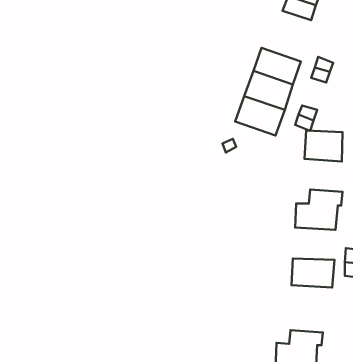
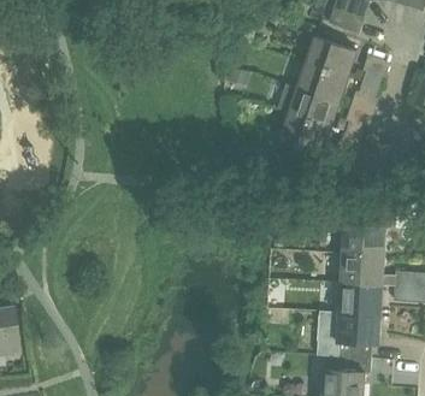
building: none -> [307,36,356,76]
building: [304,131,343,162] -> none
building: none -> [340,249,384,283]
building: none -> [315,308,380,359]

